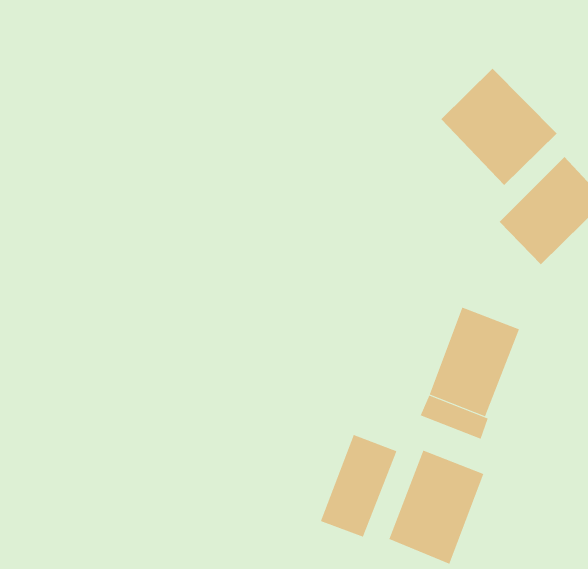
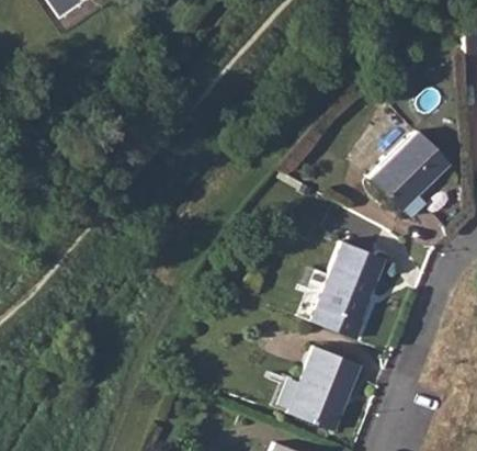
building: [441,68,557,186] -> none
building: [320,434,397,537] -> none

